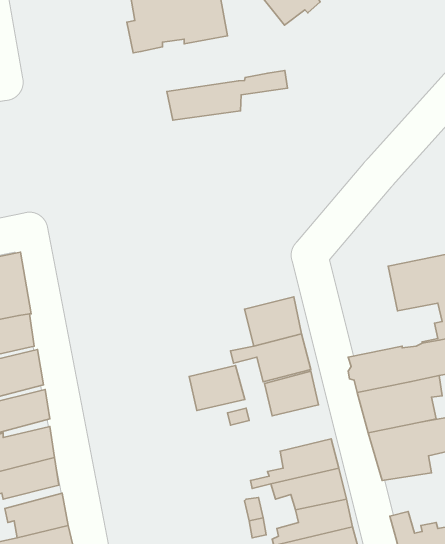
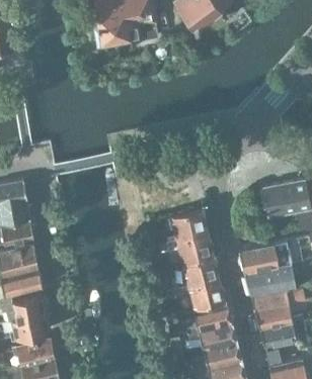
building: [167,70,288,120] -> none
building: [189,366,245,410] -> [187,279,224,308]
building: none -> [259,323,296,348]

